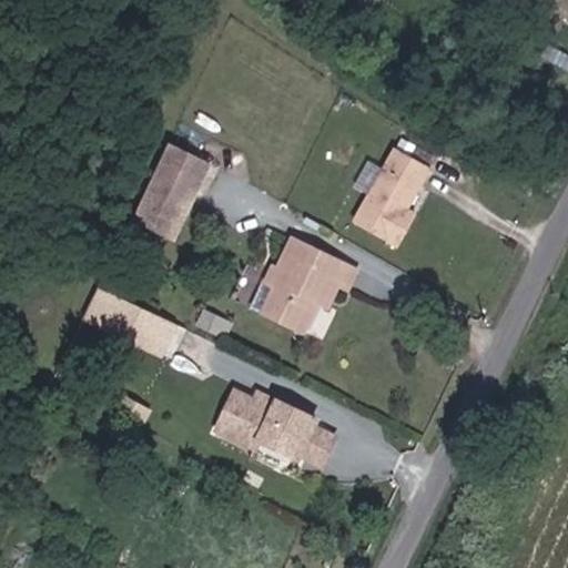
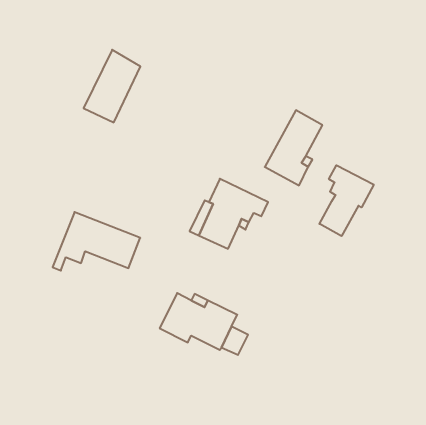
building: [133,139,209,235] -> [84,50,140,122]
building: none -> [319,165,374,236]

